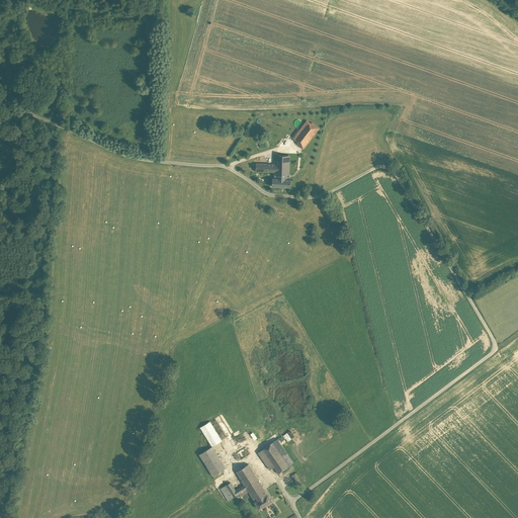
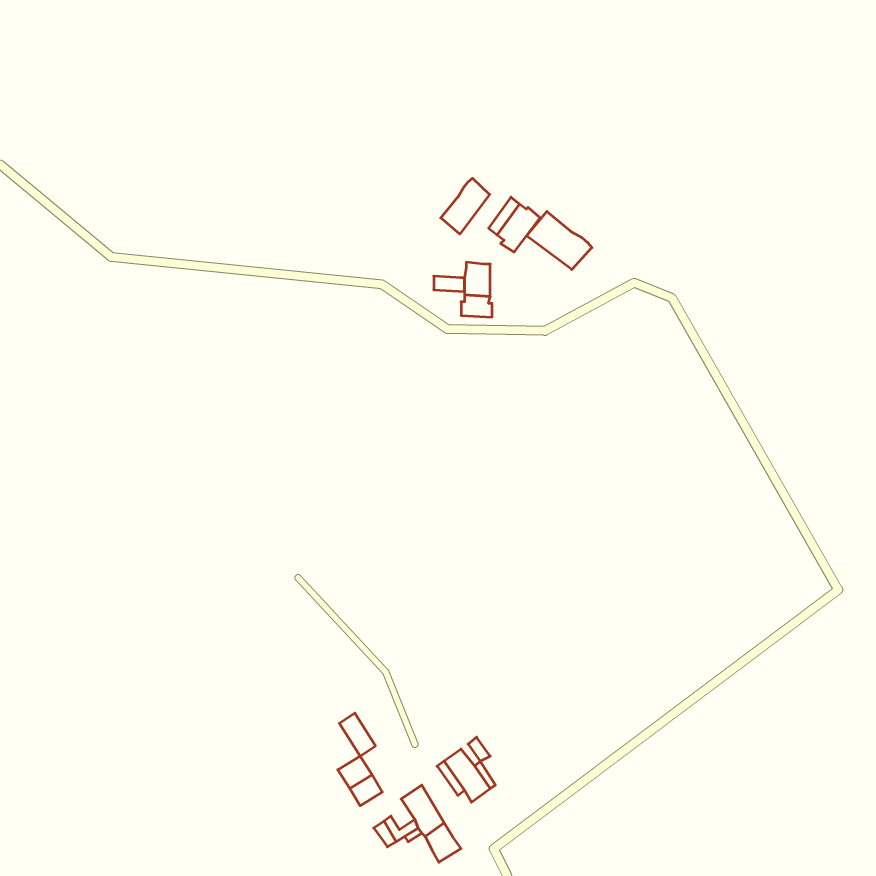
building: none -> [441,178,490,234]
building: none -> [527,211,592,270]

